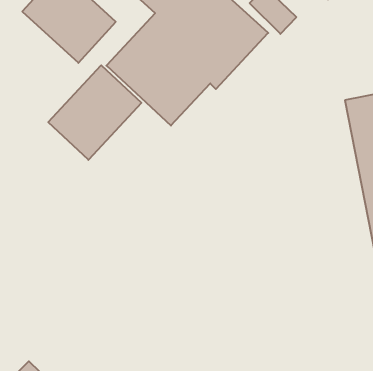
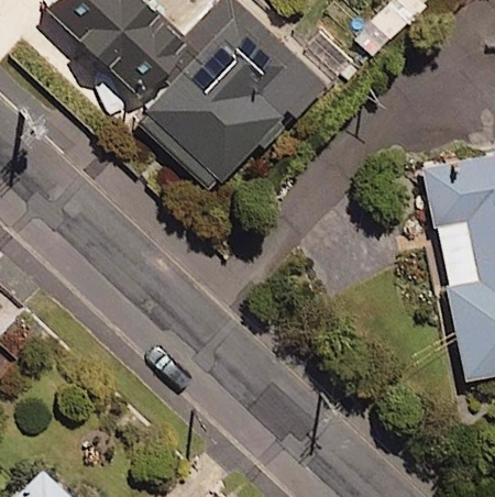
building: [48,65,141,160] -> none

